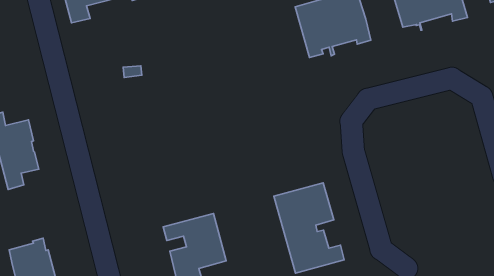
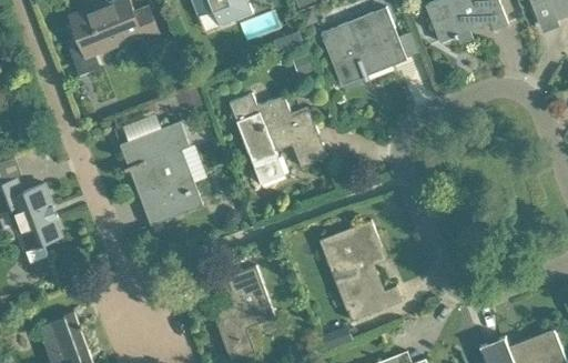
building: none -> [230,94,327,183]
building: none -> [120,121,203,224]

